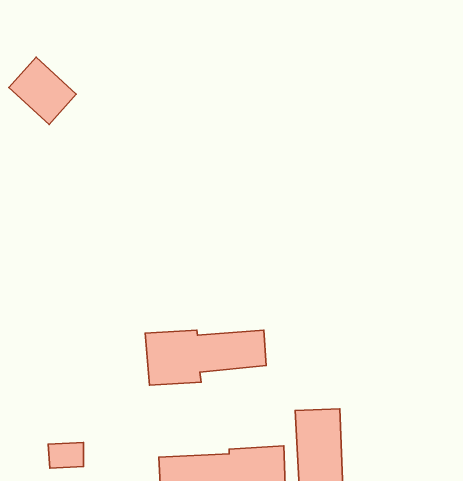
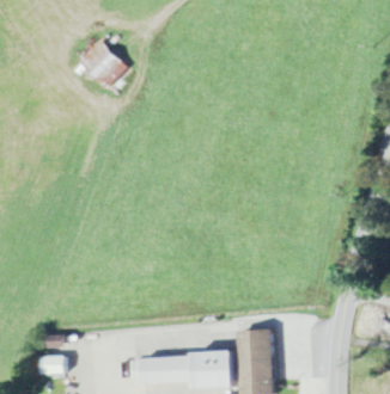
building: [9,57,76,124] -> [79,37,129,87]
building: [145,330,266,385] -> none

